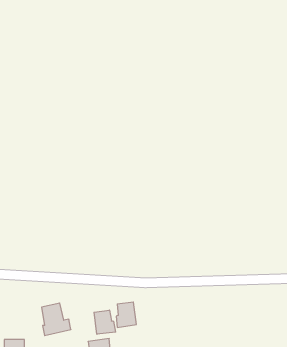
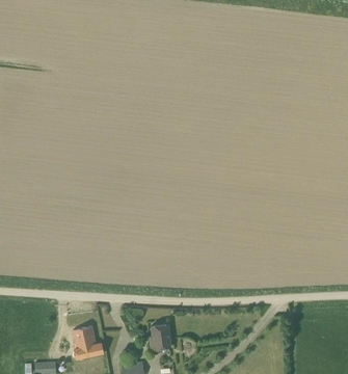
building: [94,310,116,334] -> none

